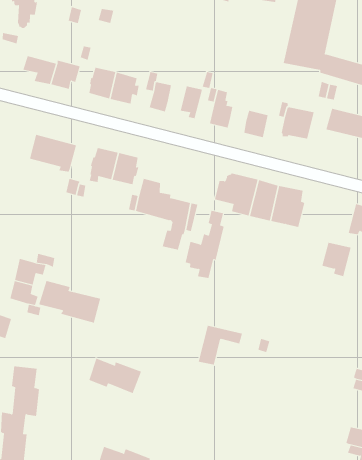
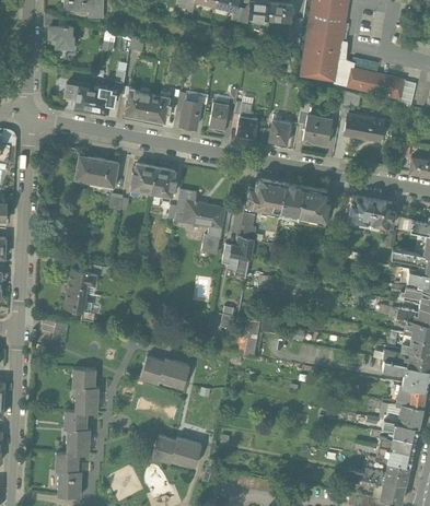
building: [322,242,352,277] -> [349,197,375,227]
building: [39,280,101,323] -> none

